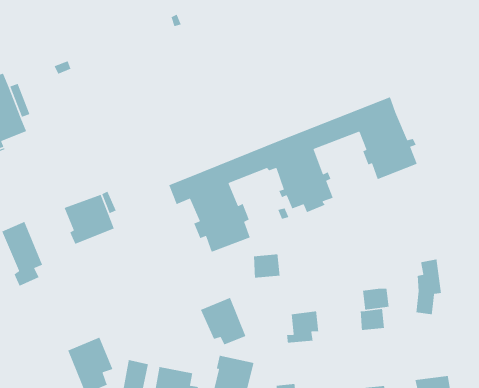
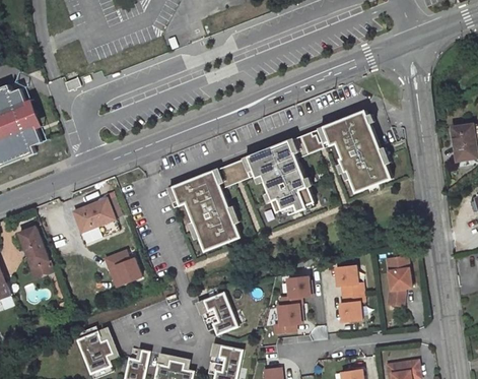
building: none -> [105,250,141,286]
building: [253,253,280,278] -> [285,275,310,298]
building: none -> [334,264,356,285]

